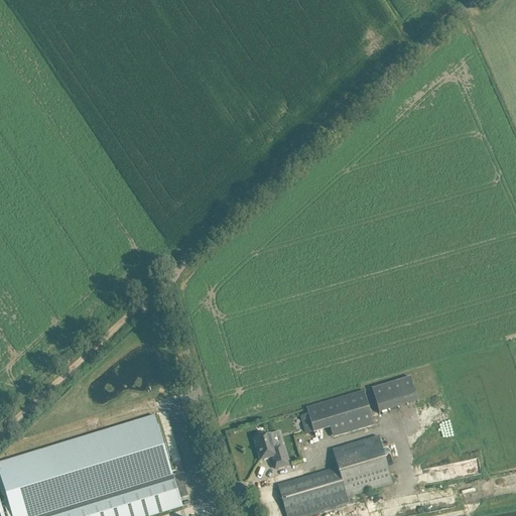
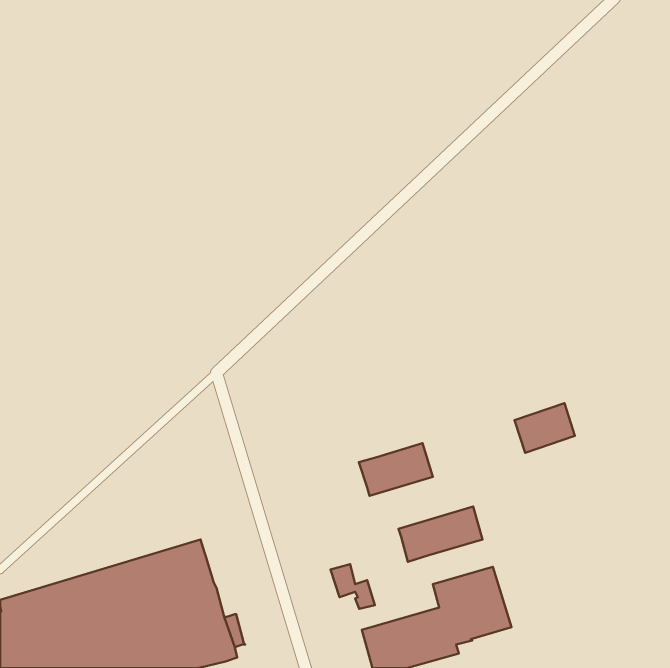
building: none -> [359,443,433,496]
building: [369,374,415,412] -> [515,403,575,453]

